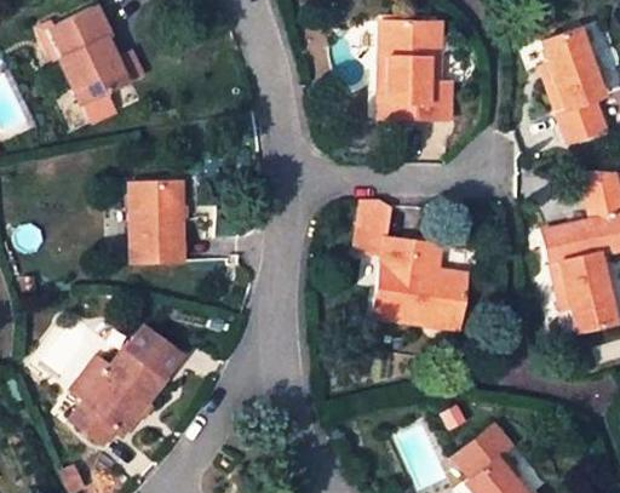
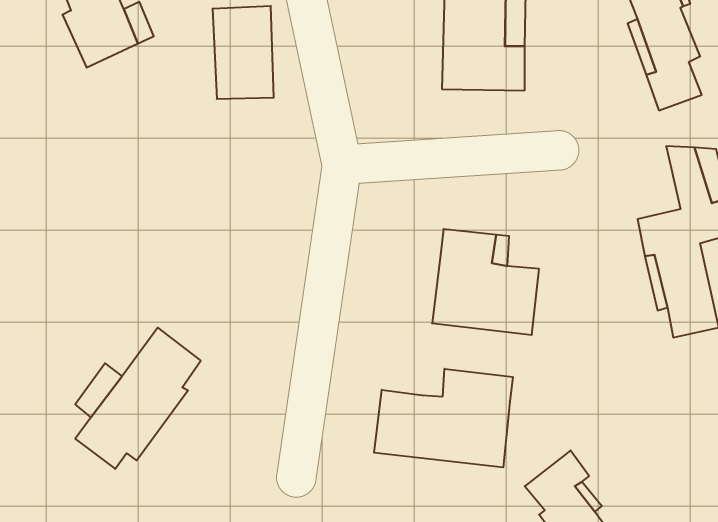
building: [138,178,190,257] -> [212,6,274,99]
building: [354,201,386,262] -> none
building: none -> [374,369,513,467]

